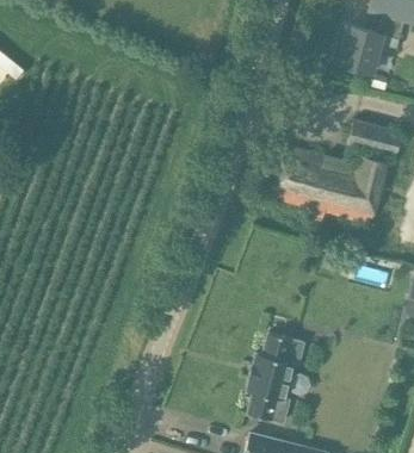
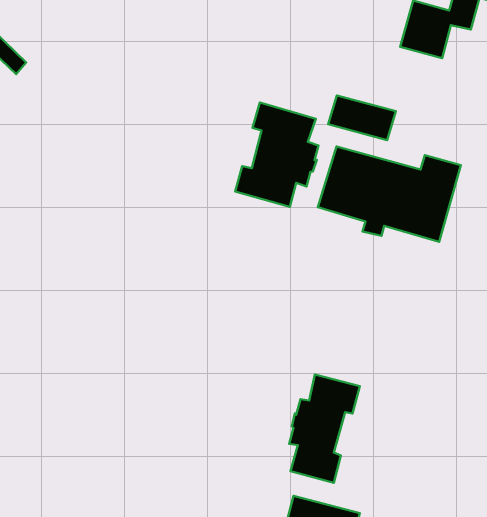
building: none -> [235,103,318,207]
building: [347,120,403,157] -> [328,95,396,140]

